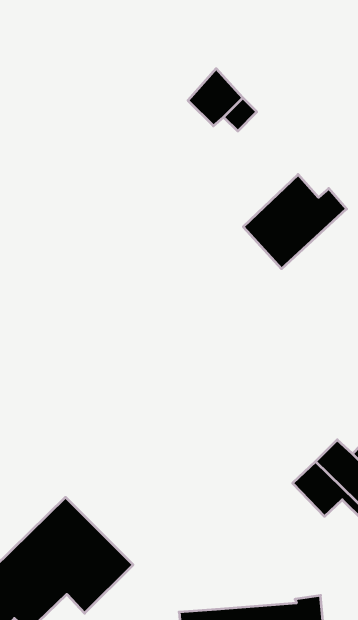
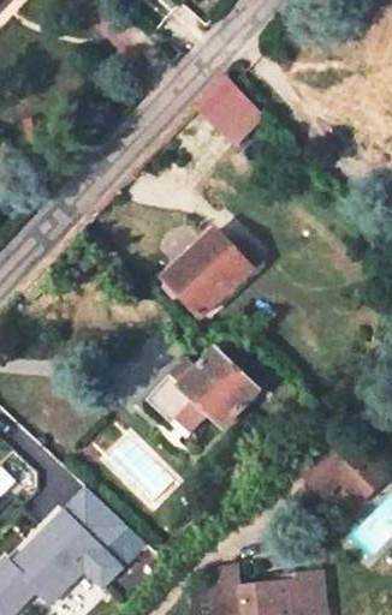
building: [243,174,347,269] -> [164,229,261,318]
building: none -> [144,351,257,435]

